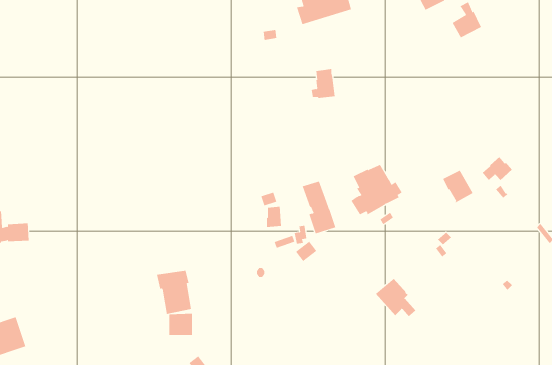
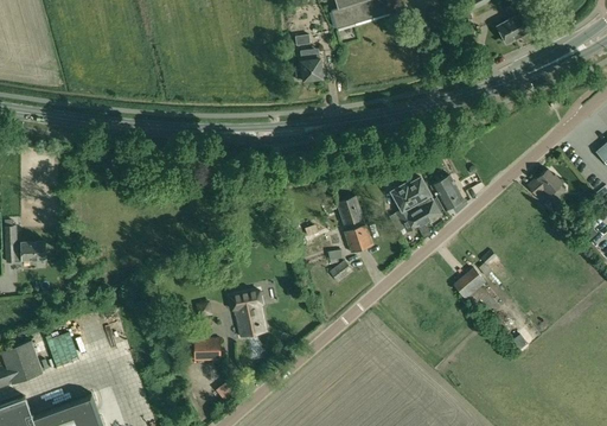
building: [311,69,335,99] -> [296,49,322,81]
building: [442,170,473,203] -> [430,176,464,211]
building: [156,270,192,315] -> [229,291,267,338]
building: [375,278,416,317] -> [453,268,497,310]

